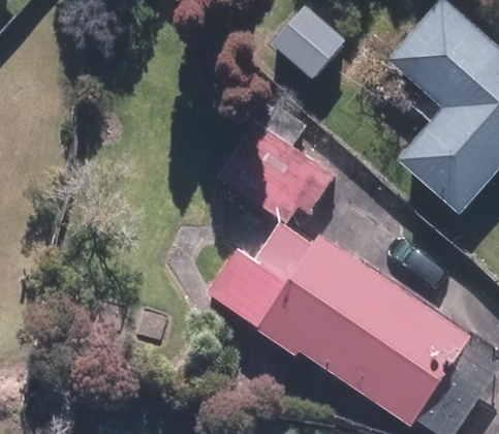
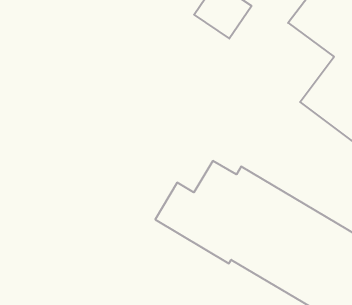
building: [218,120,337,221] -> none

